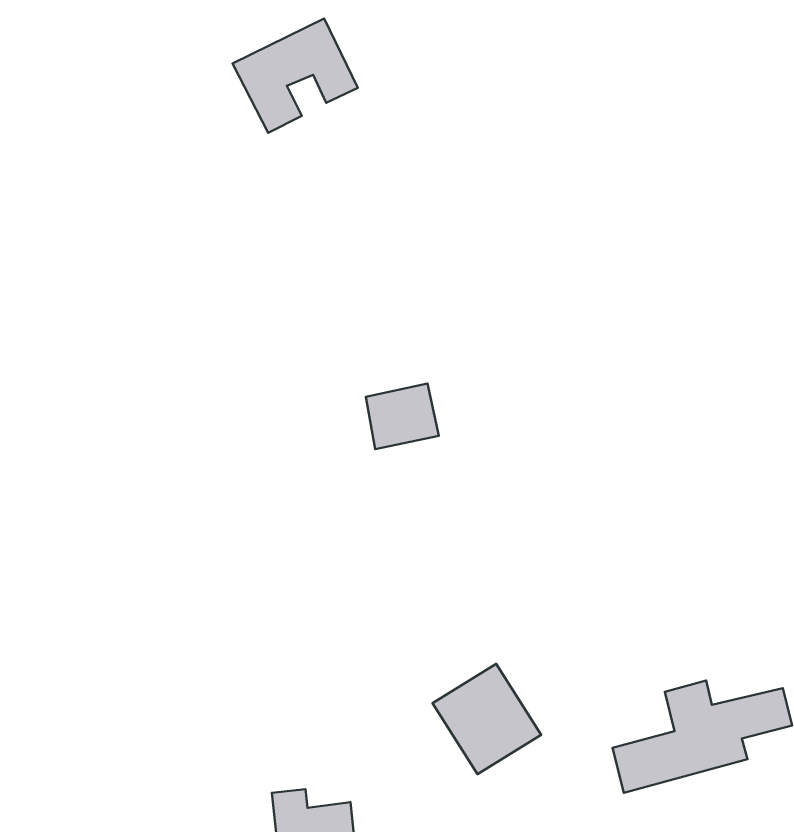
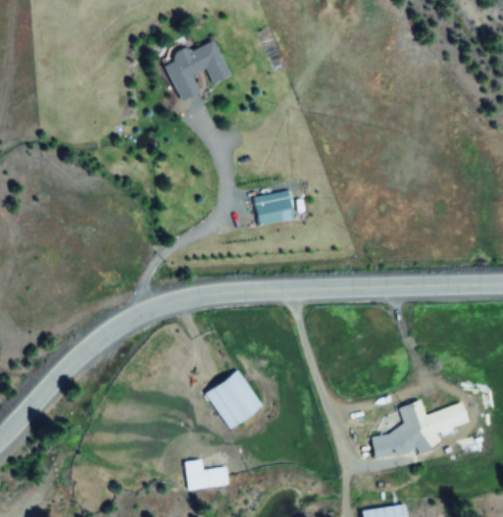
building: [366,384,439,449] -> [254,191,294,226]
building: [433,664,541,774] -> [205,369,264,429]

